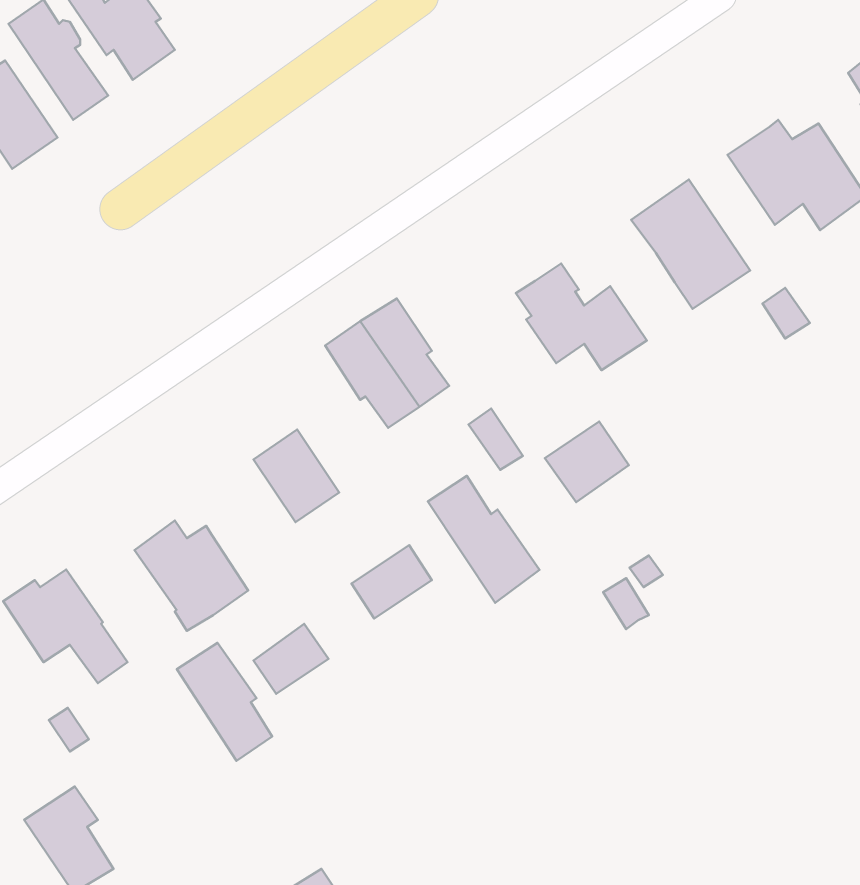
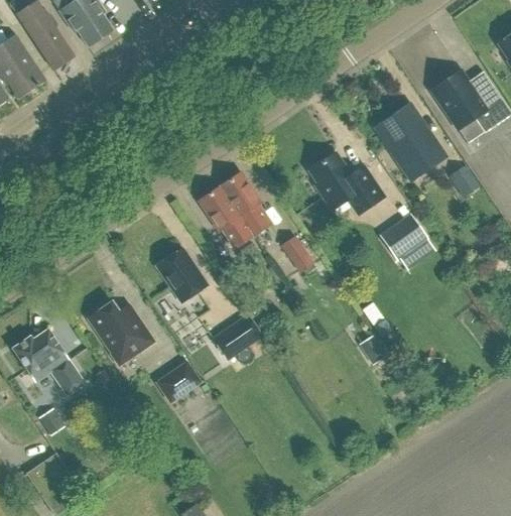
building: [545,422,629,502] -> [379,212,427,258]
building: [428,476,540,603] -> none
building: [177,643,272,761] -> none

